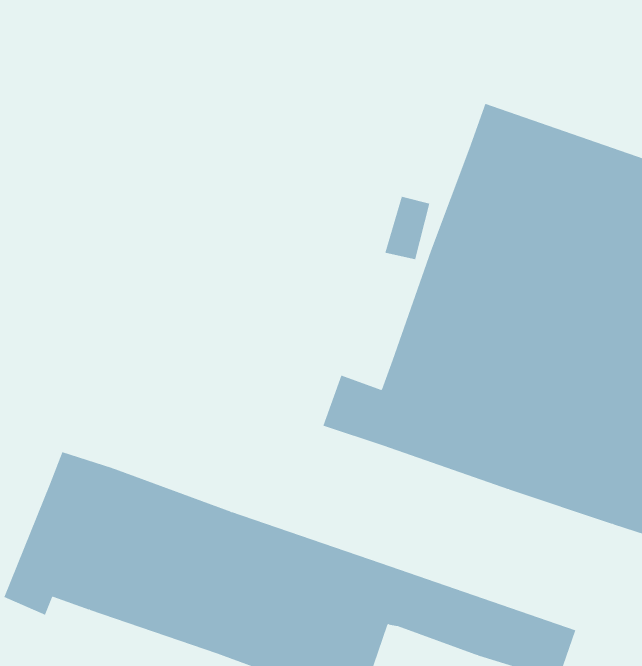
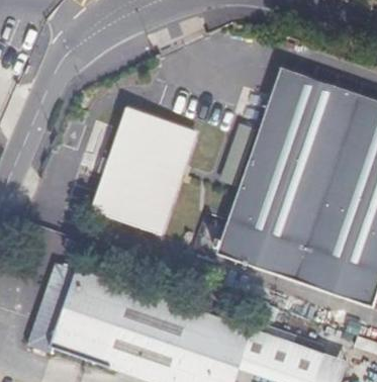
building: none -> [94,109,196,234]

